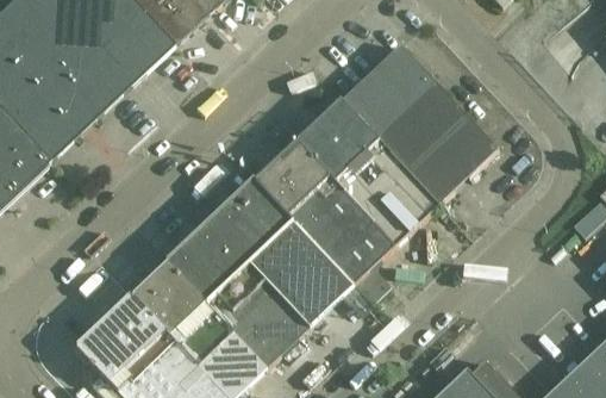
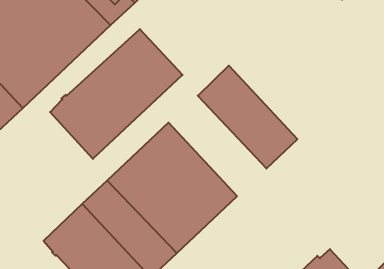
building: [341,44,498,204] -> none
building: none -> [50,29,183,159]
building: [255,142,394,285] -> none

